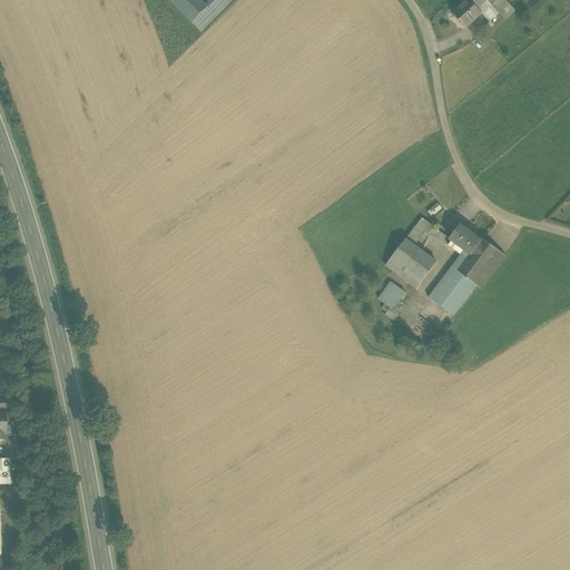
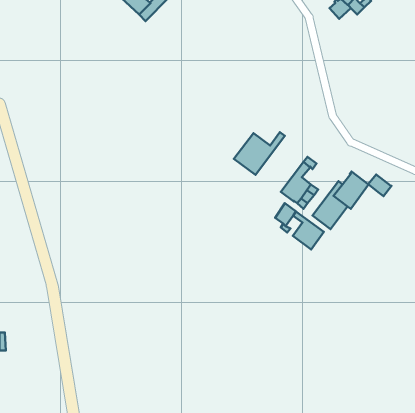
building: none -> [234,132,285,175]
building: [448,223,480,253] -> [368,174,392,196]
building: none -> [293,212,324,249]

